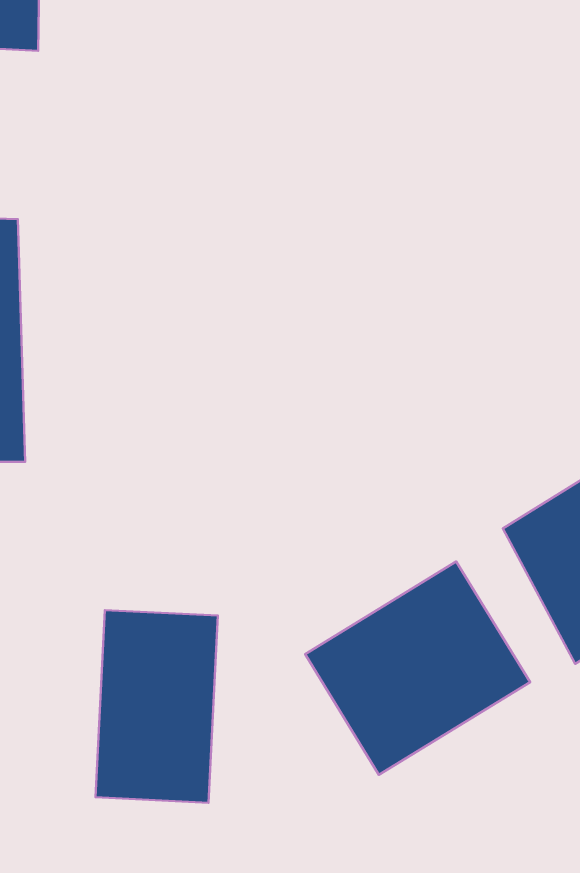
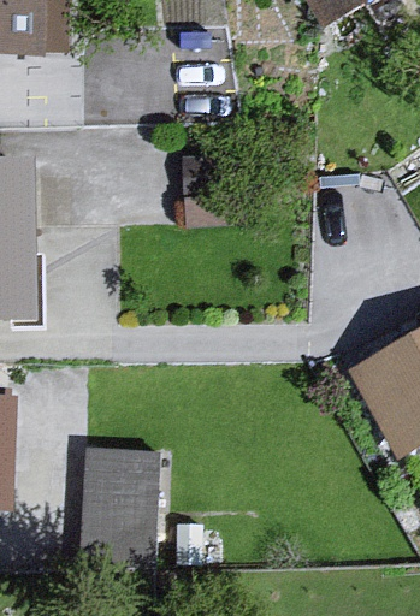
building: [305,562,530,775] -> none

